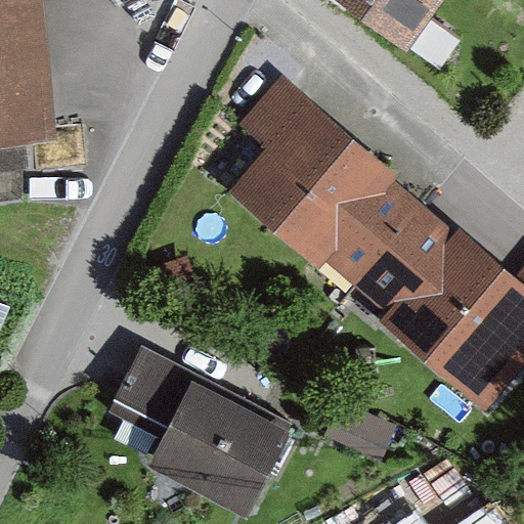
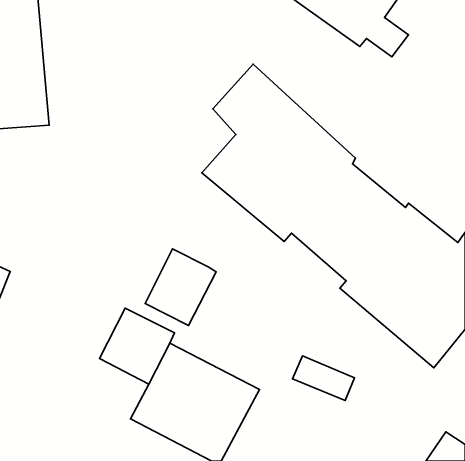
building: none -> [145,249,216,326]

